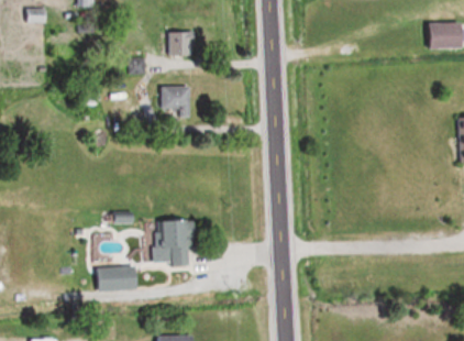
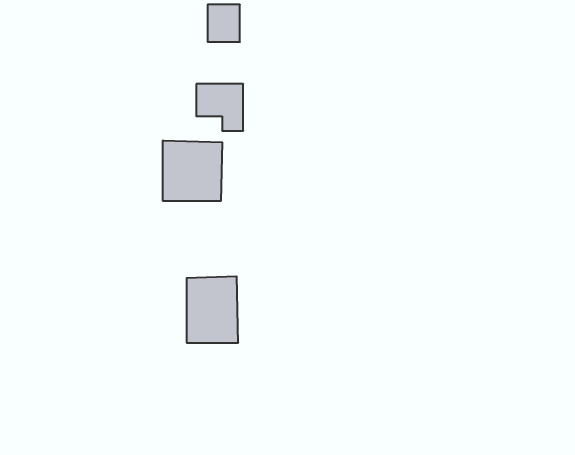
building: none -> [163,140,222,201]
building: [95,264,134,288] -> none

